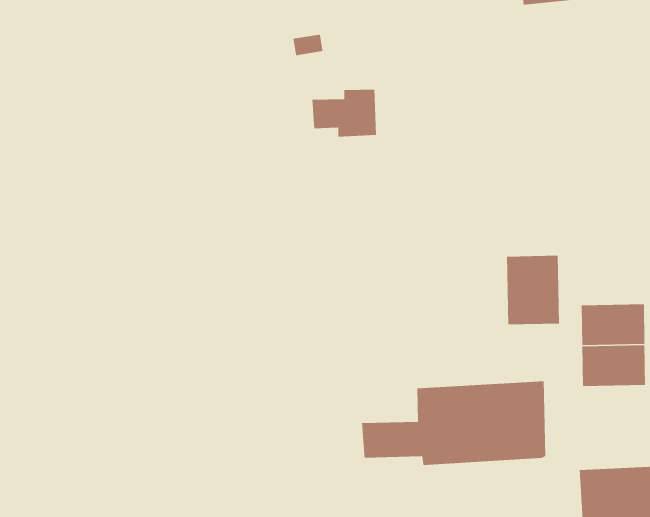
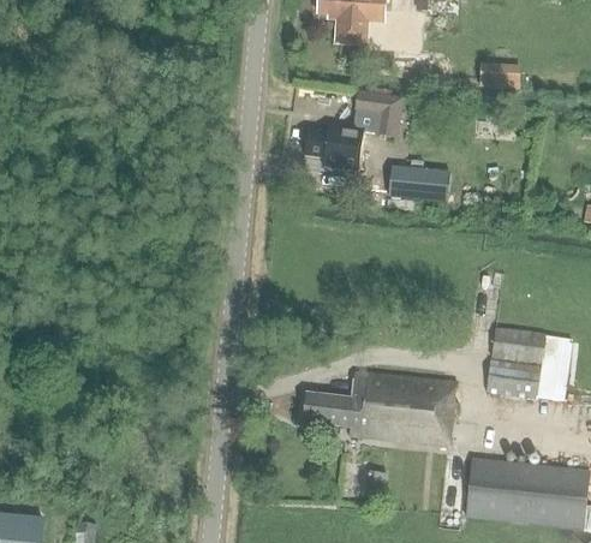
building: none -> [363,84,413,133]
building: none -> [389,165,449,199]
building: [506,255,560,325] -> none

